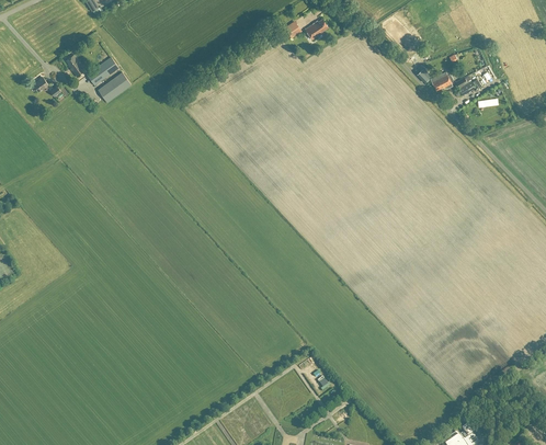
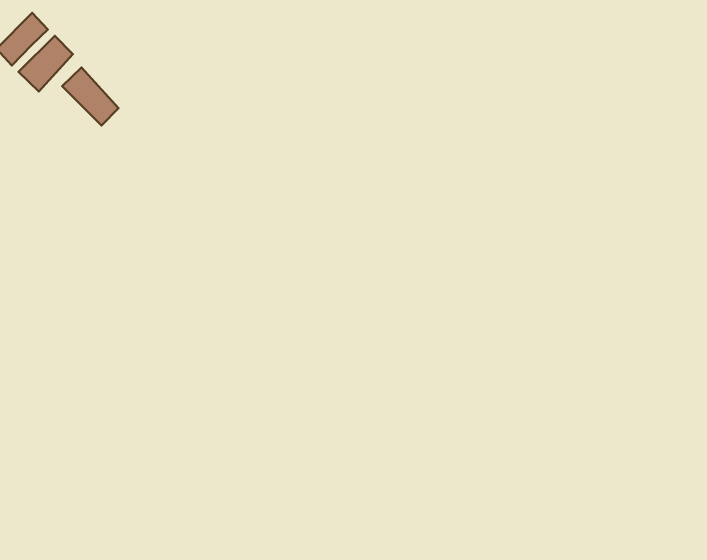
building: none -> [62,68,118,125]

